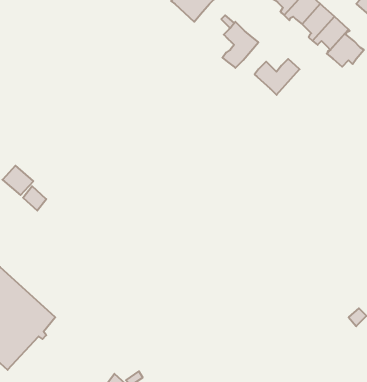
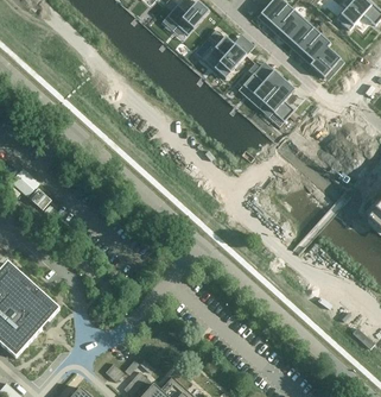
building: none -> [262,80,294,122]

